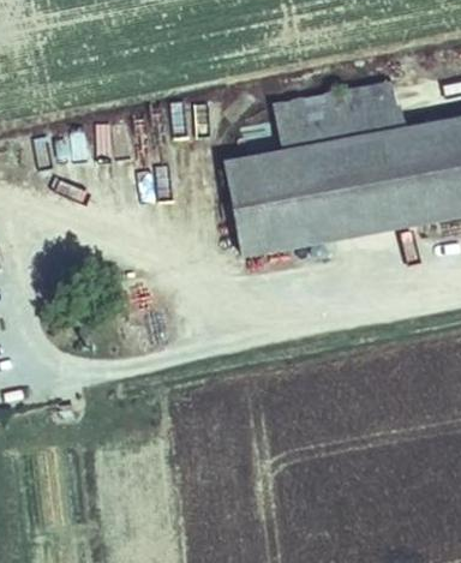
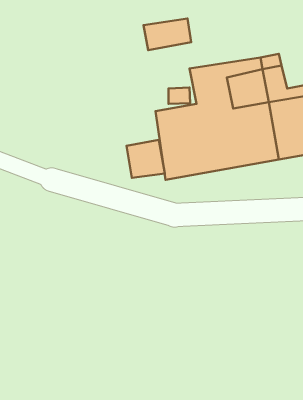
building: none -> [144,18,191,50]
building: none -> [127,140,165,178]

